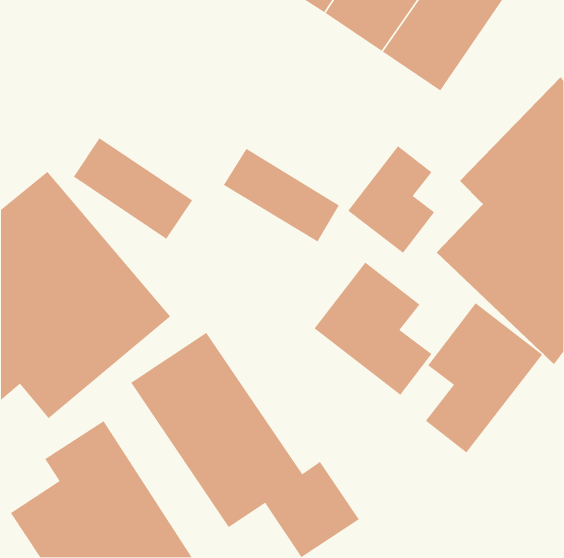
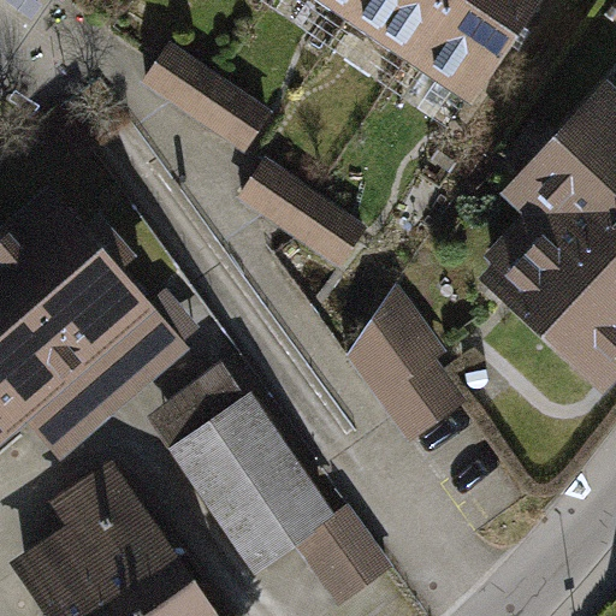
building: [73,137,193,240] -> [141,40,272,152]
building: [347,145,435,254] -> none
building: [425,302,543,454] -> none

